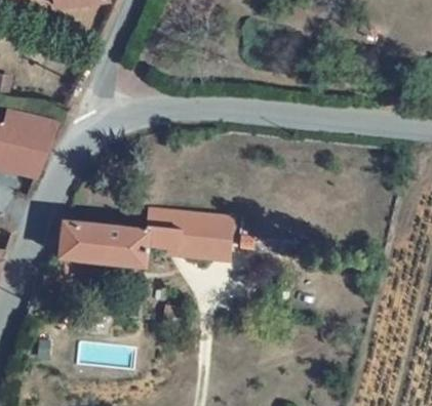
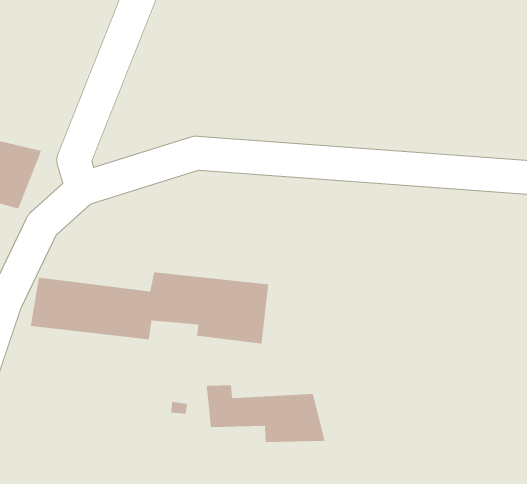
building: none -> [206,384,325,443]

